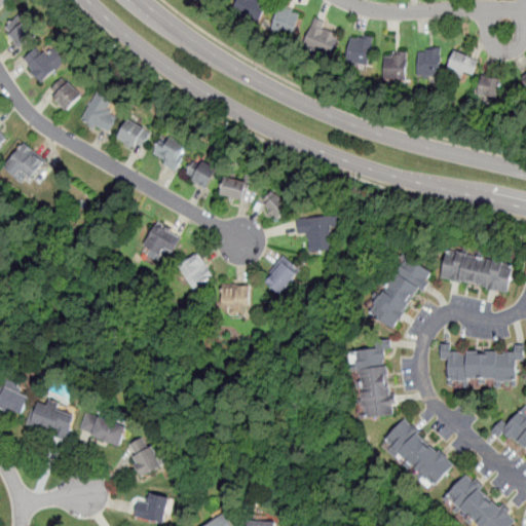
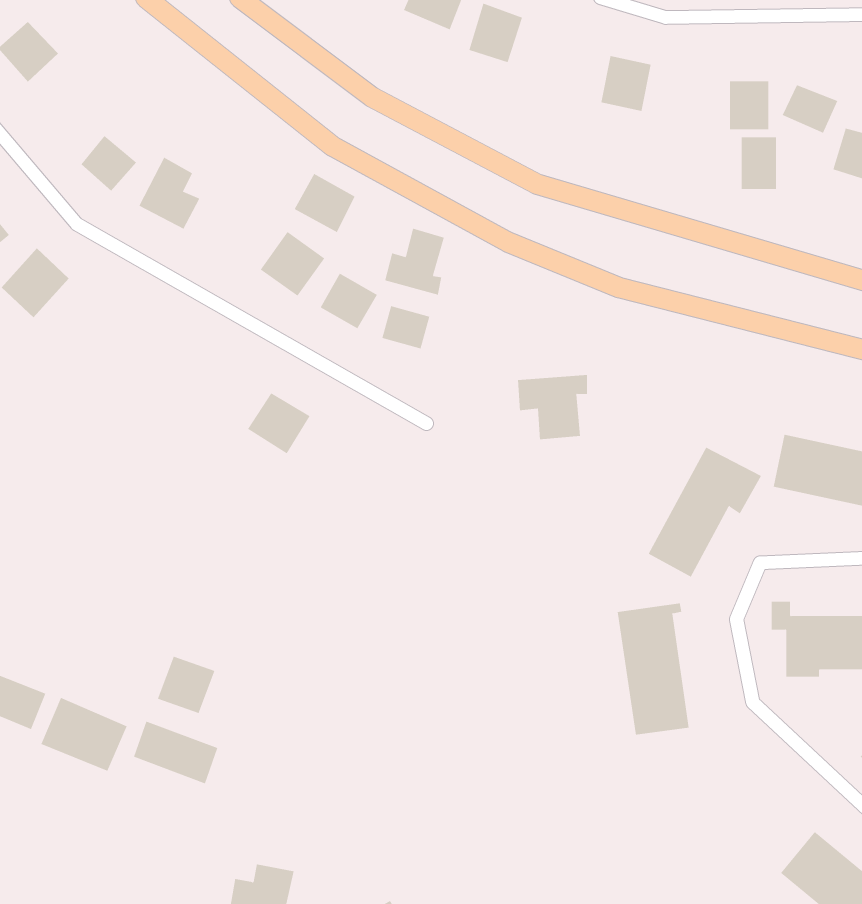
building: [302,20,338,57] -> none
building: [23,43,63,83] -> none
building: [383,51,404,81] -> [741,137,777,190]
building: [115,118,150,152] -> [294,173,355,233]
building: none -> [384,228,444,295]
building: [259,190,291,221] -> none
building: [178,254,212,289] -> none
building: [262,256,299,295] -> none
building: [222,284,249,312] -> none
building: none -> [157,656,215,714]
building: [379,418,455,489] -> none
building: [124,435,163,477] -> none

